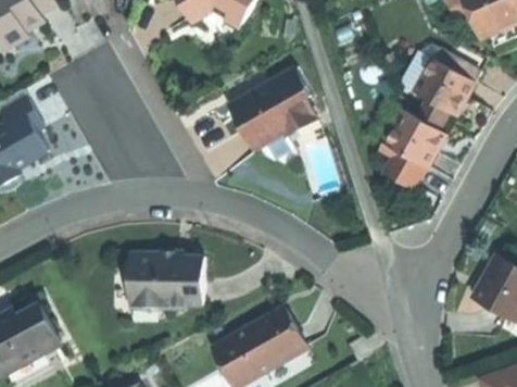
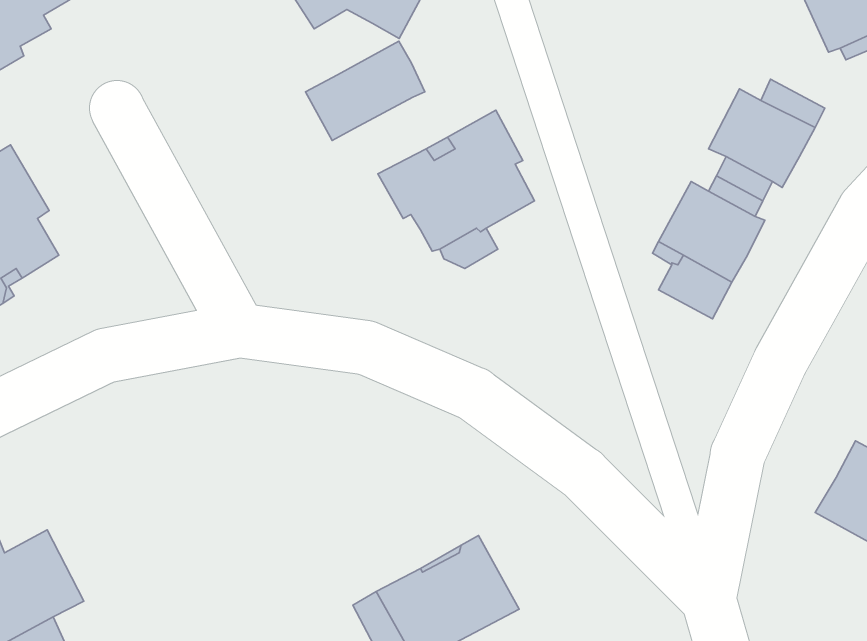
building: none -> [306,41,425,141]
building: [129,251,203,309] -> none

